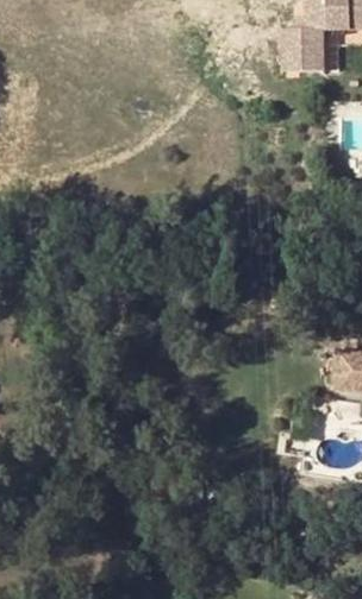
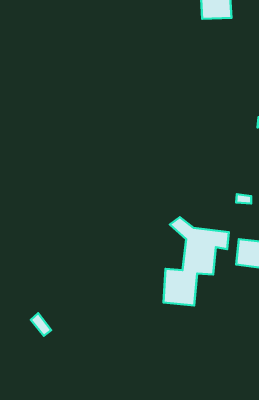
building: none -> [163,217,229,305]

